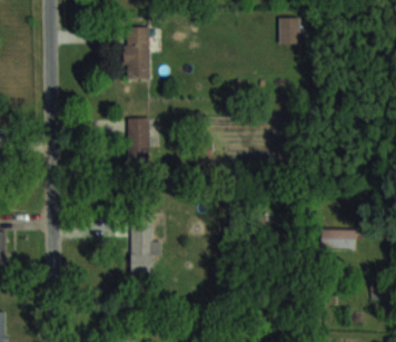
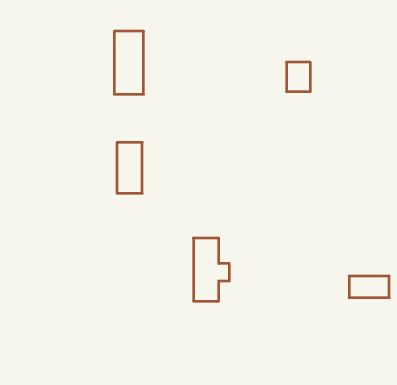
building: [279,19,299,43] -> [286,62,310,92]
building: [130,221,160,273] -> [193,238,229,301]

